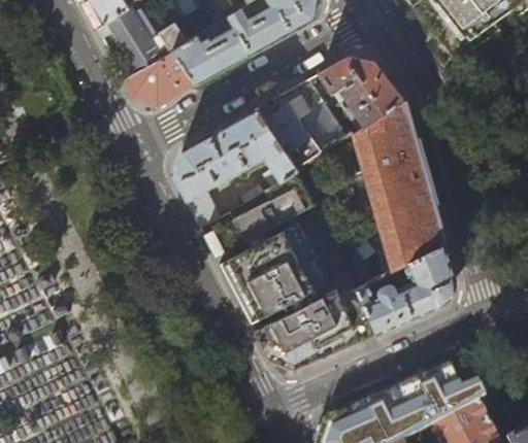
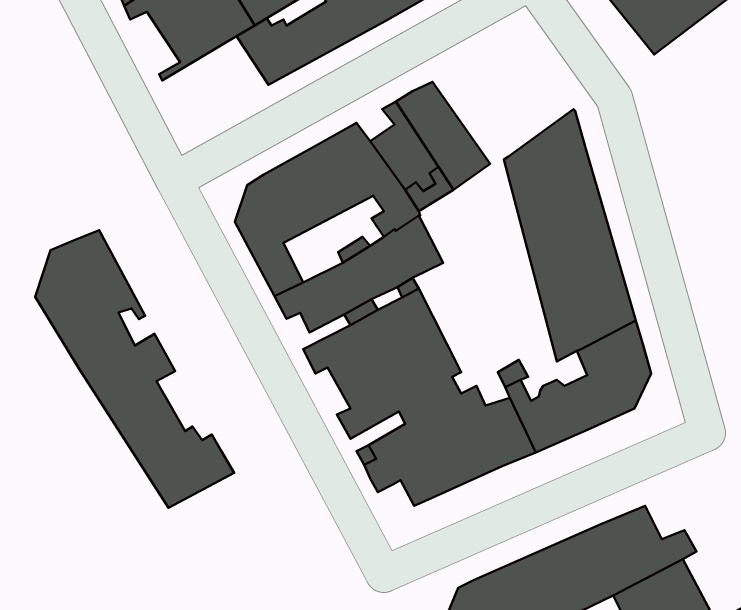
building: [123,49,195,104] -> none
building: [319,57,402,131] -> none
building: none -> [35,230,234,508]

